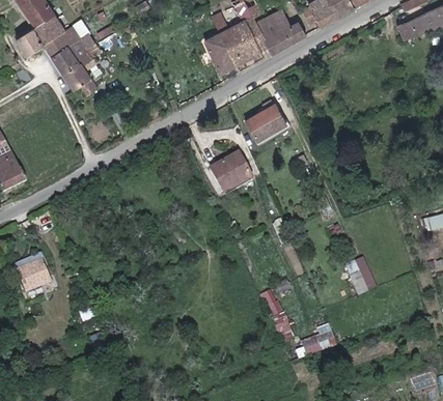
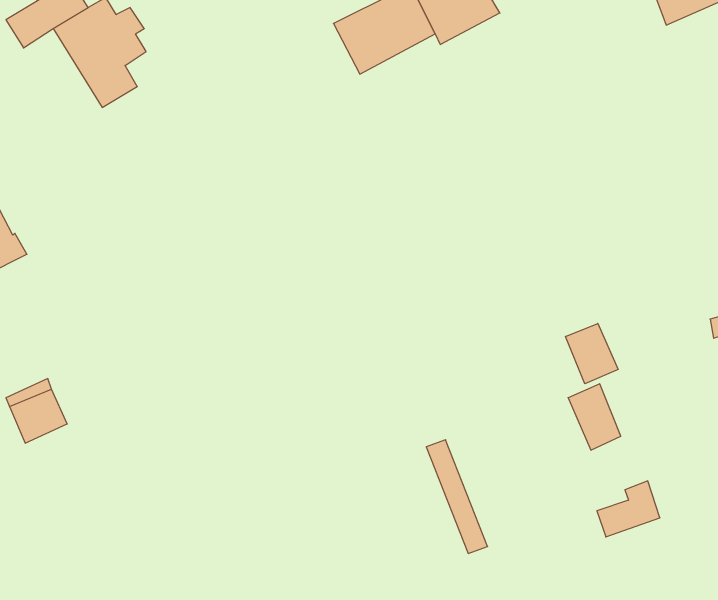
building: [244,105,285,143] -> none
building: [210,152,252,193] -> none
building: none -> [566,323,618,384]
building: [301,322,338,355] -> [597,481,660,537]

